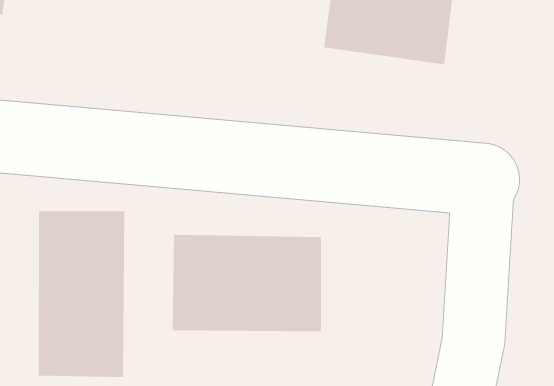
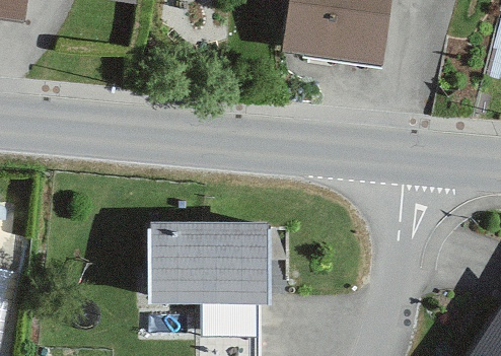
building: [38,211,125,378] -> none

